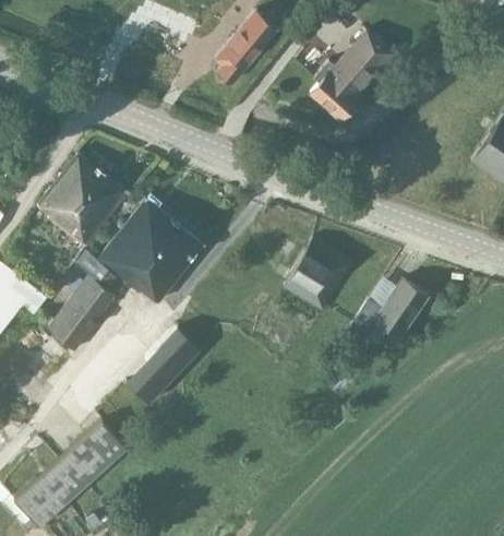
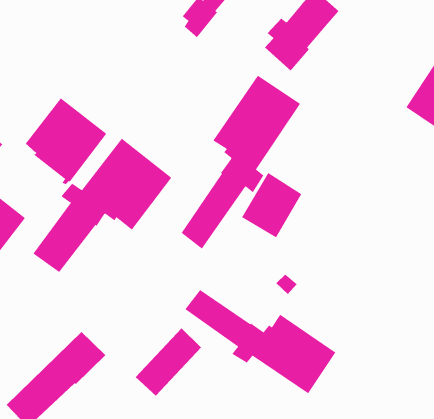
building: none -> [181,75,301,249]
building: [349,278,429,340] -> none
building: [125,324,202,403] -> [135,327,202,396]
building: none -> [185,289,336,394]

